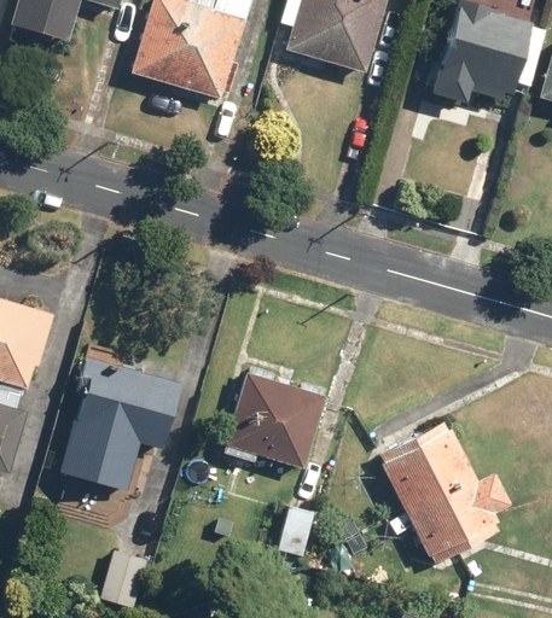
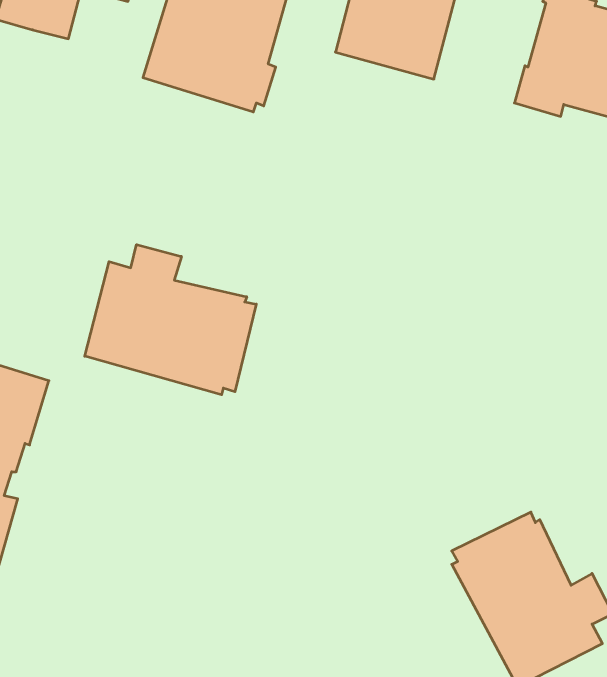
building: none -> [85,245,256,395]
building: [58,355,179,490] -> none
building: [222,365,326,467] -> none

